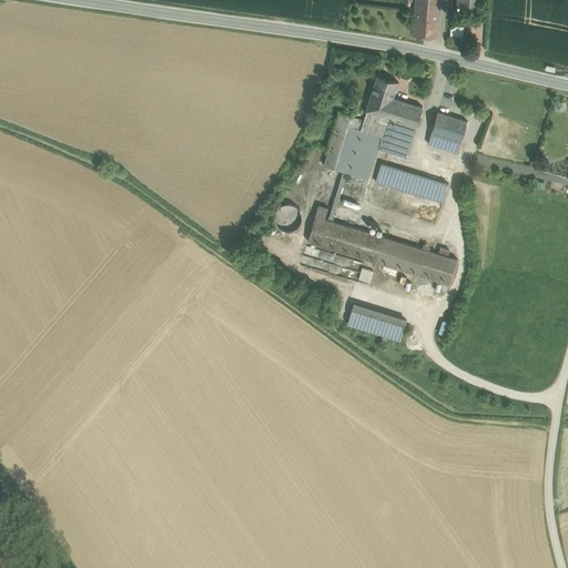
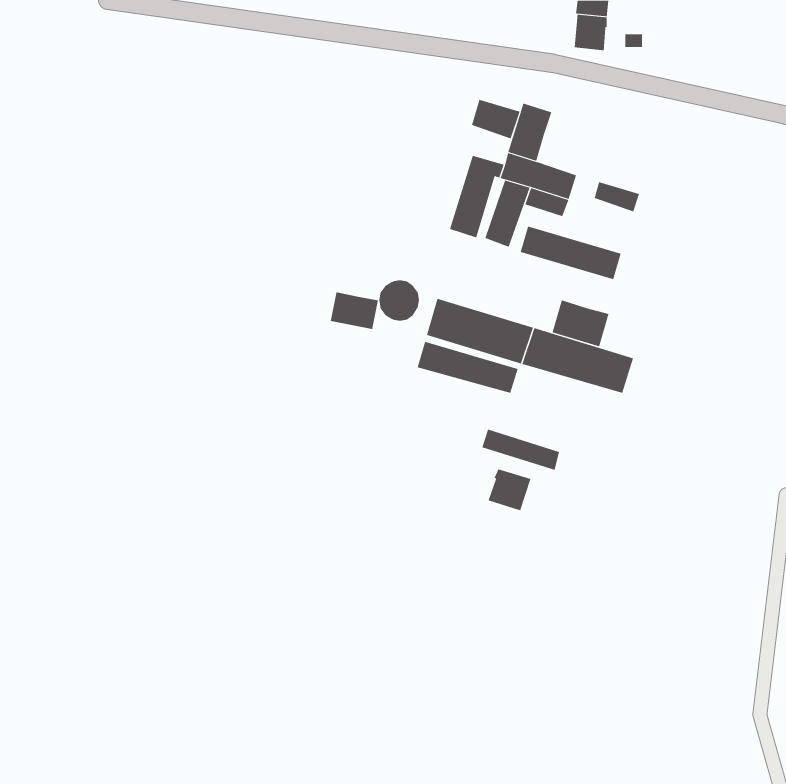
building: [387,99,423,128] -> [471,99,520,139]
building: [432,112,467,141] -> none
building: none -> [330,291,378,330]
building: none -> [552,300,609,347]
building: none -> [488,468,531,511]

